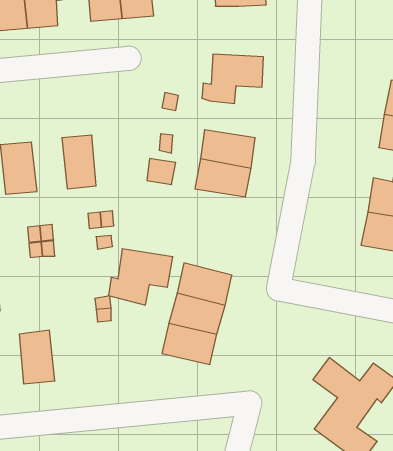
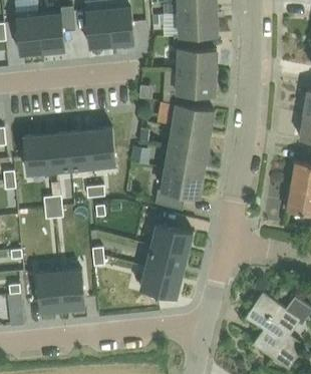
building: none -> [173,36,216,73]
building: none -> [172,105,213,132]
building: none -> [89,128,115,167]
building: none -> [45,132,71,171]
building: [108,249,173,305] -> [154,169,202,211]
building: none -> [58,271,85,310]

